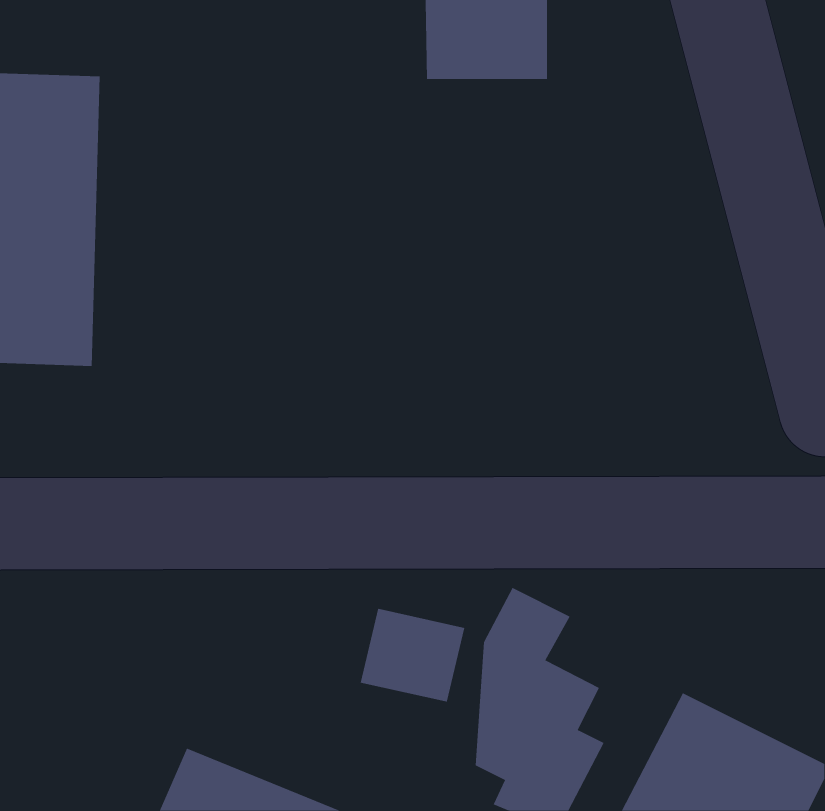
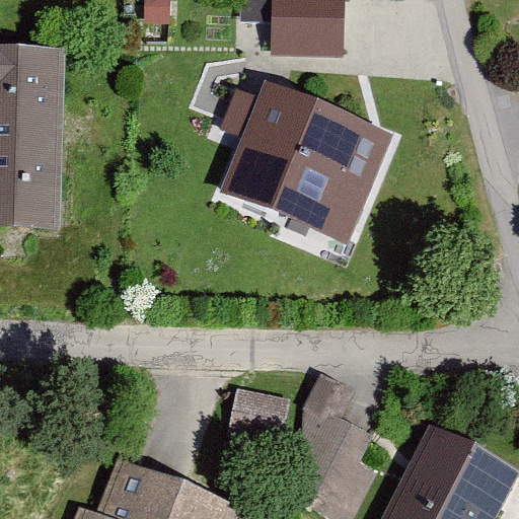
building: none -> [224,90,393,246]

